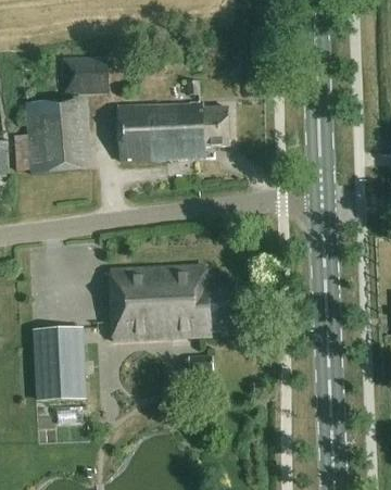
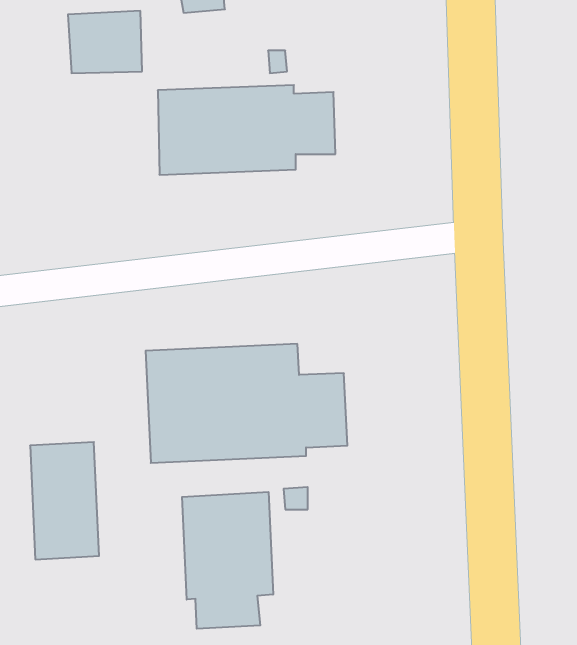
building: [28,103,89,174] -> none
building: none -> [182,492,273,629]

